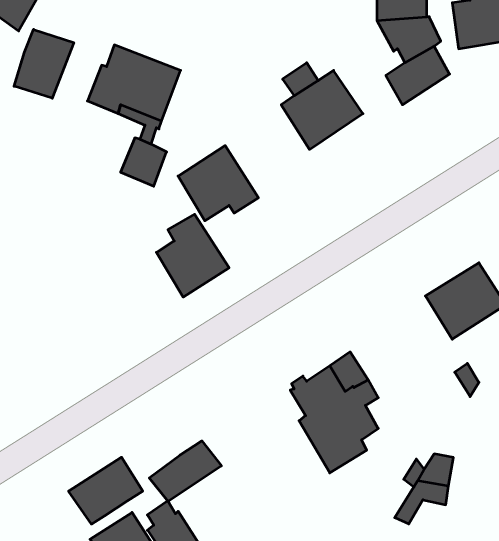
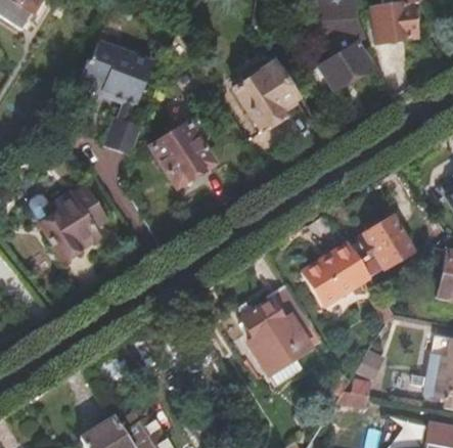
building: [14,29,74,98] -> none
building: [156,214,229,297] -> [41,190,99,257]
building: none -> [303,242,371,307]
building: [149,441,221,501] -> none
building: [69,457,143,524] -> none

